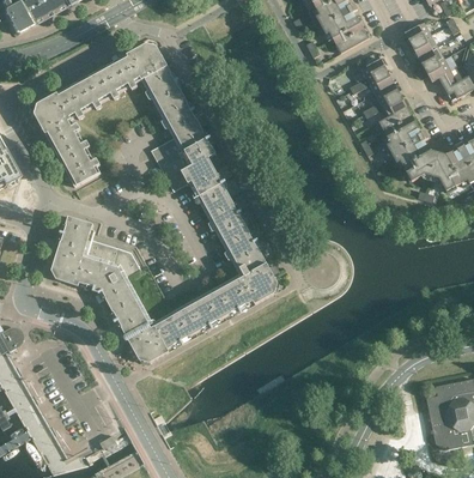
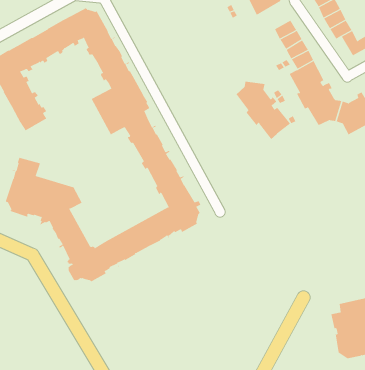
building: none -> [236,81,291,140]

